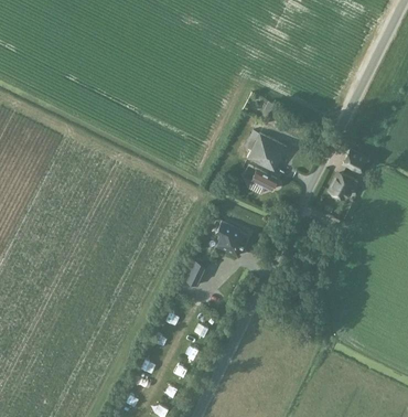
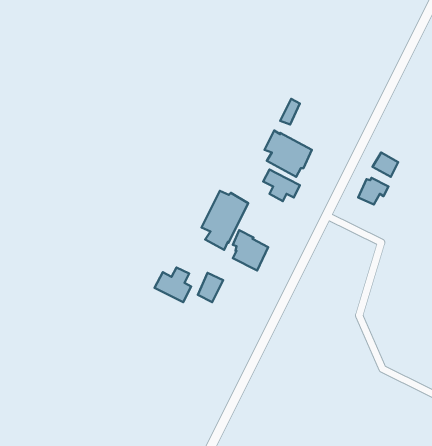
building: none -> [202,191,248,250]
building: none -> [155,267,191,302]

